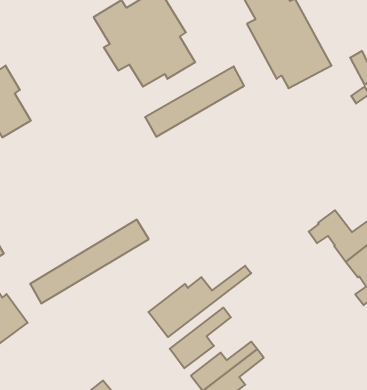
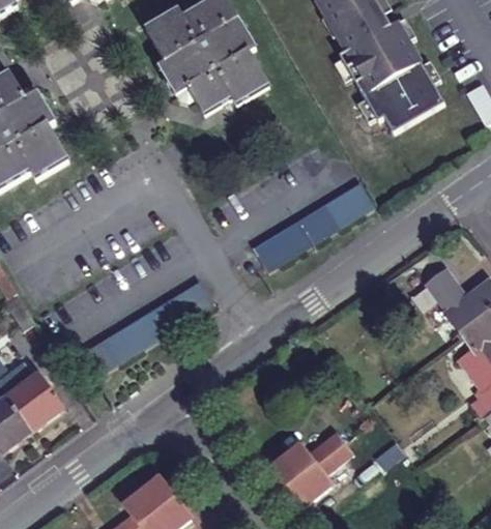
building: [145,66,244,137] -> [254,186,375,272]
building: [148,266,251,337] -> none
building: [170,308,231,368] -> none

